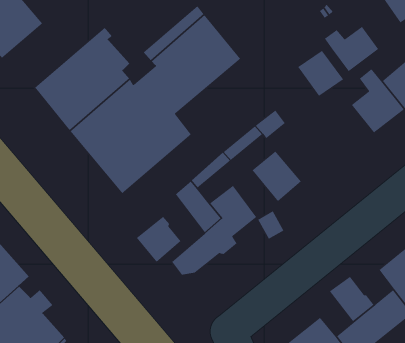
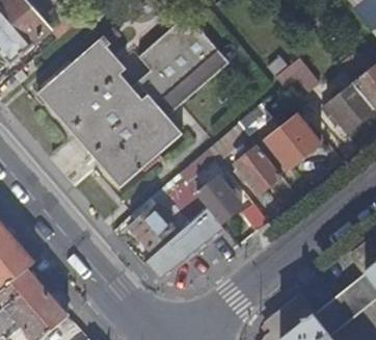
building: [324,26,379,72] -> none
building: none -> [265,116,320,171]
building: [329,276,374,322] -> none

